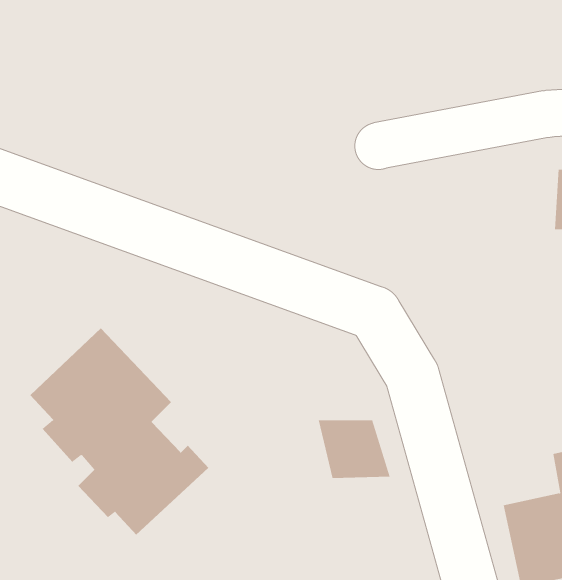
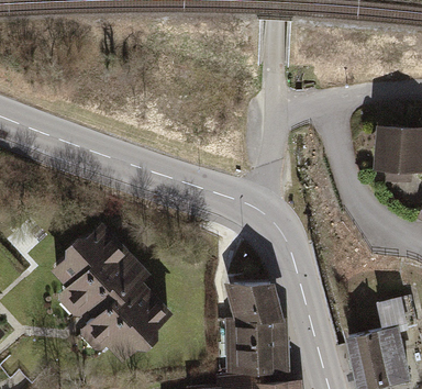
building: none -> [235,320,281,370]

